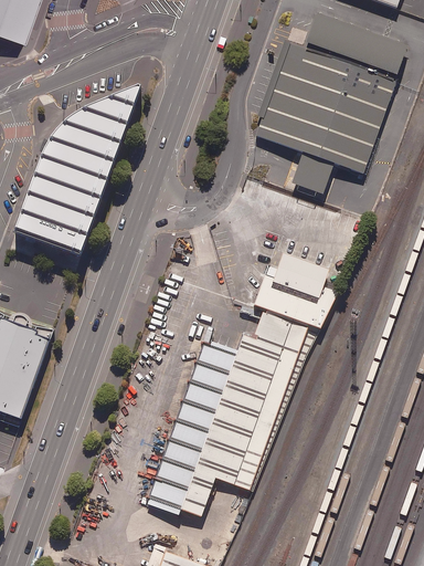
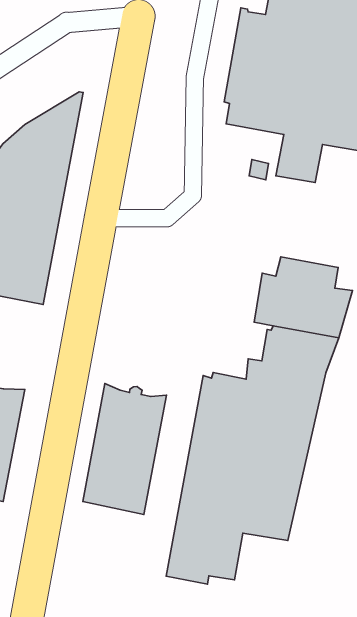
building: none -> [83,384,166,514]

